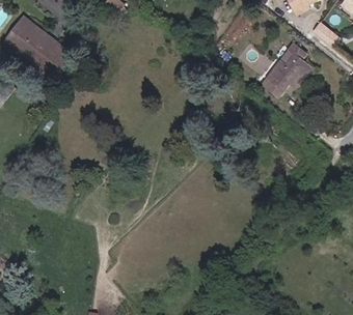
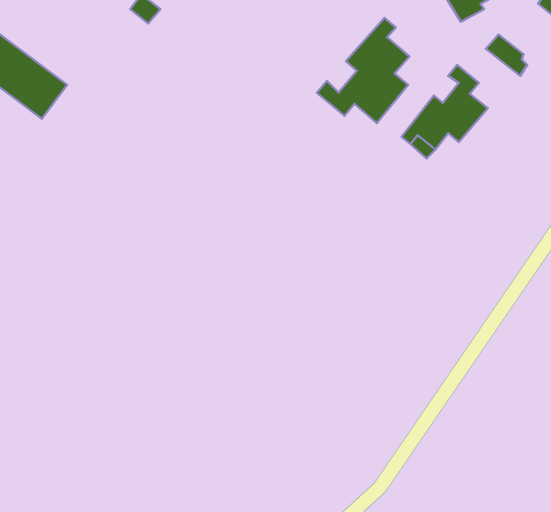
building: none -> [317,18,410,123]

